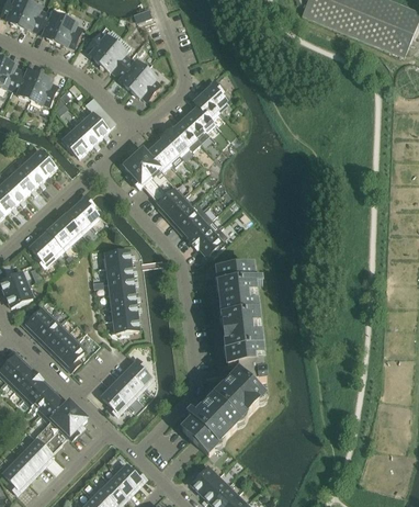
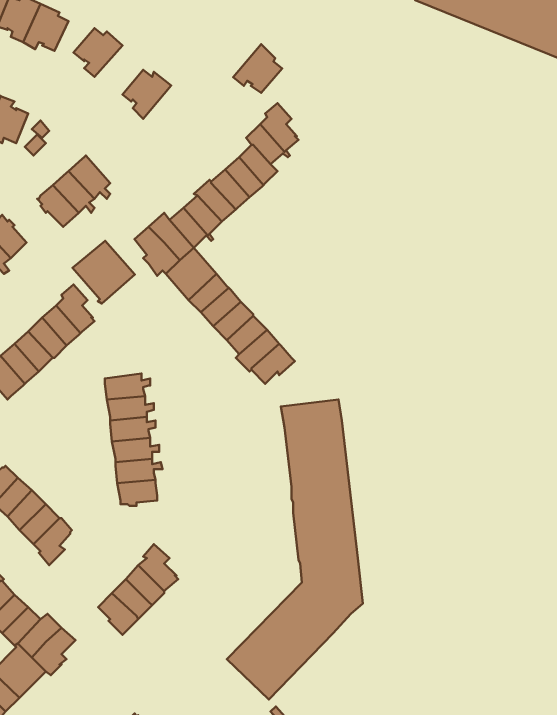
building: [99,43,129,74] -> none
building: [129,68,160,99] -> [233,44,282,93]
building: none -> [72,241,135,304]

